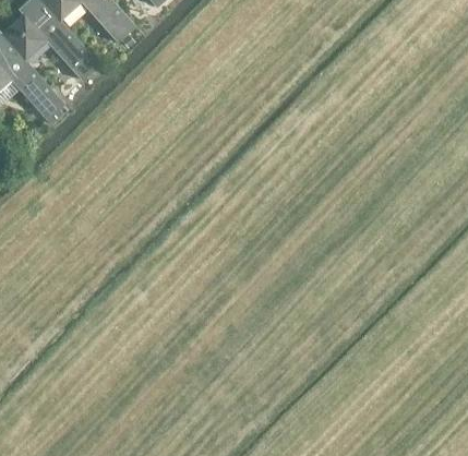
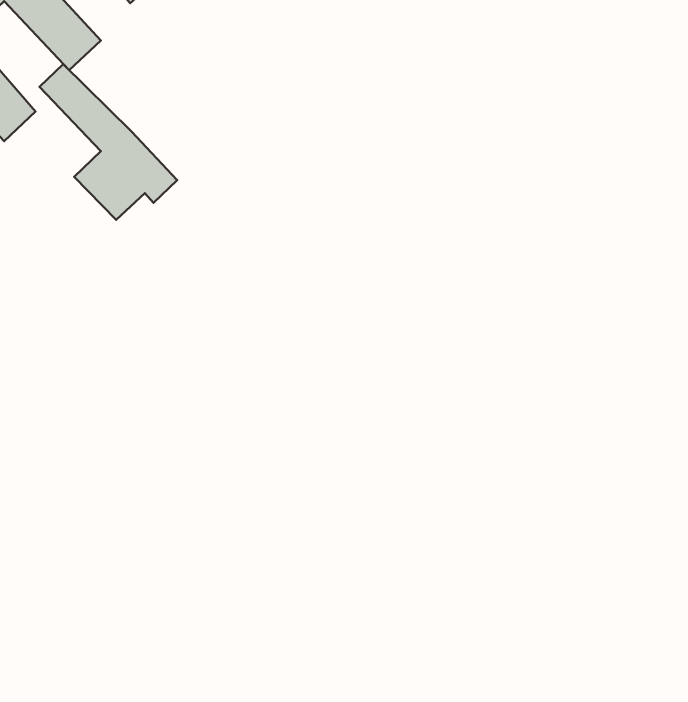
building: none -> [39,64,177,220]

